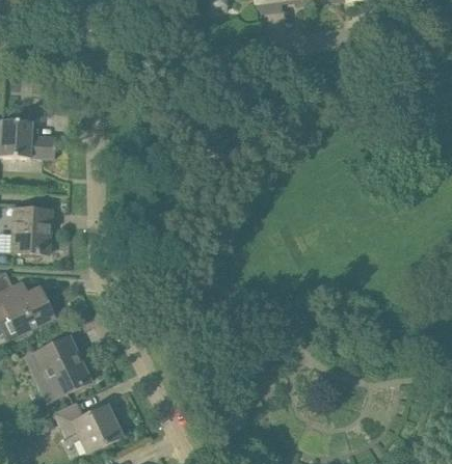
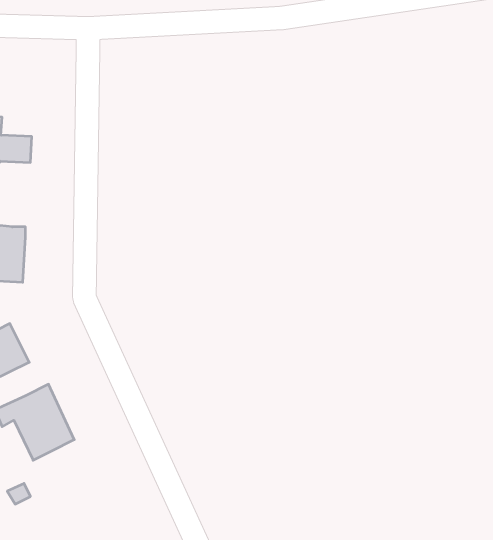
building: [53,400,119,451] -> none

